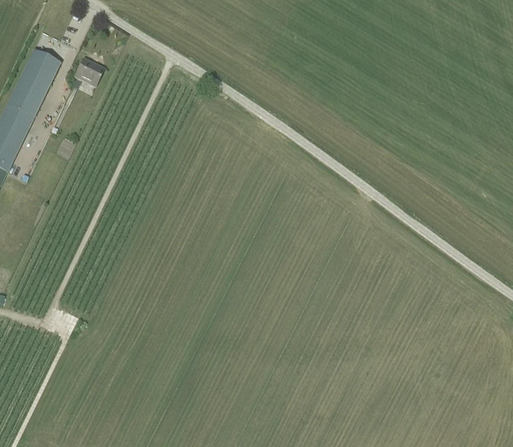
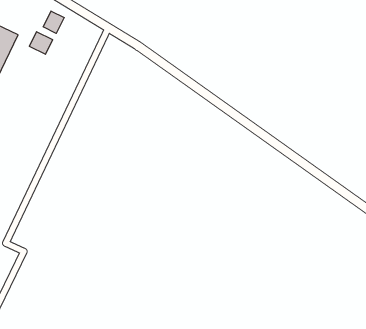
building: none -> [43,11,64,33]

